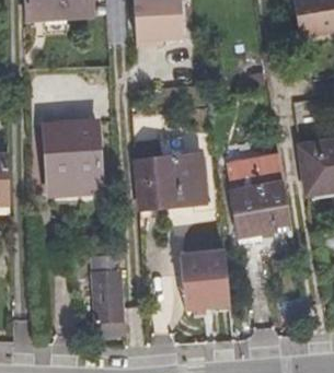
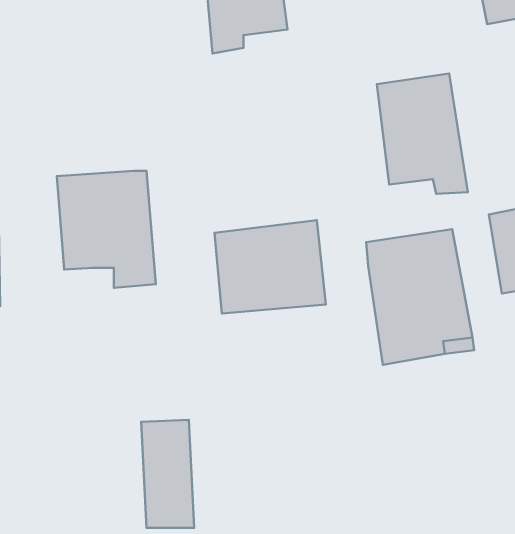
building: none -> [377,73,468,194]
building: [169,250,223,312] -> none

